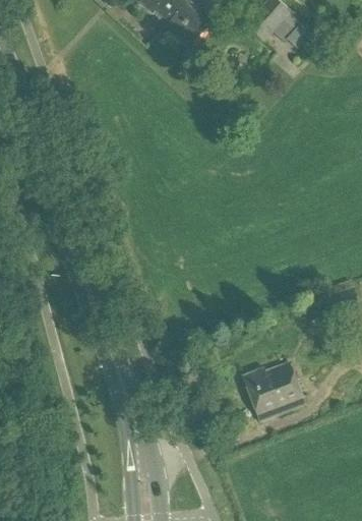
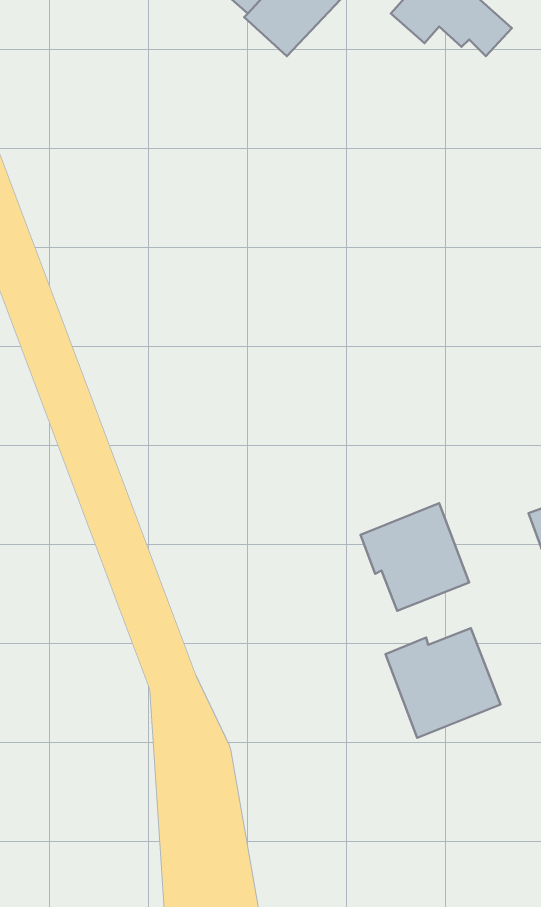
building: none -> [361,503,469,611]

